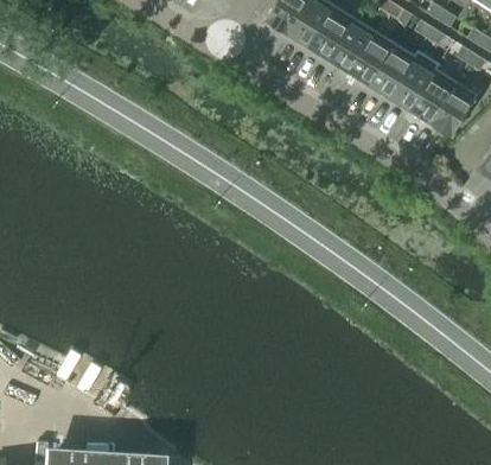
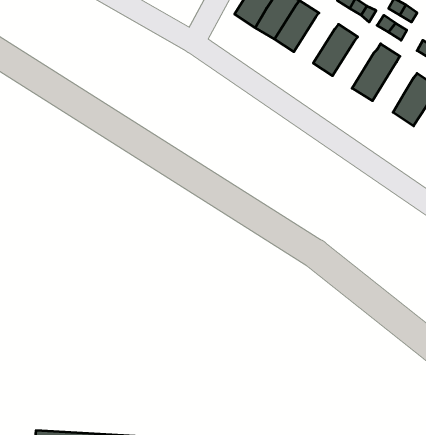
building: [327,18,374,70] -> none
building: [368,43,414,96] -> none
building: [409,69,455,121] -> none

